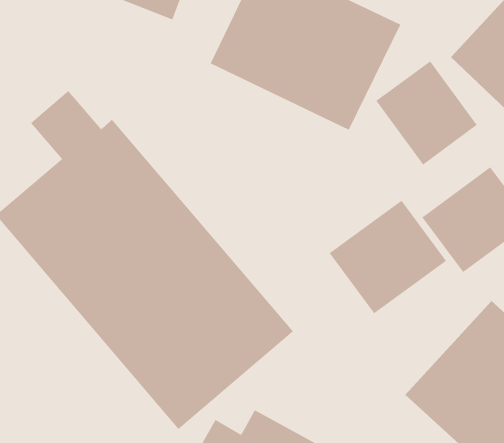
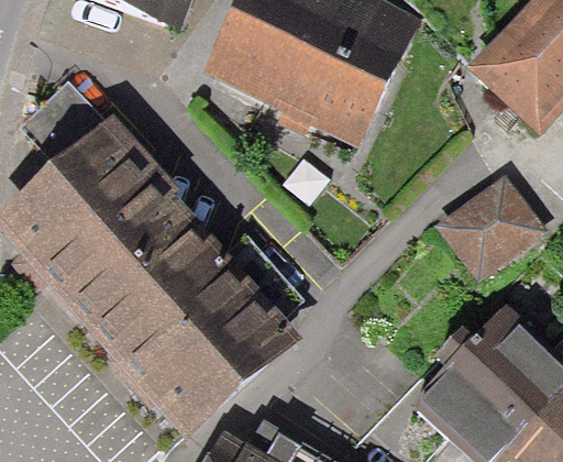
building: [376,60,477,165] -> none
building: [329,200,447,314] -> none

